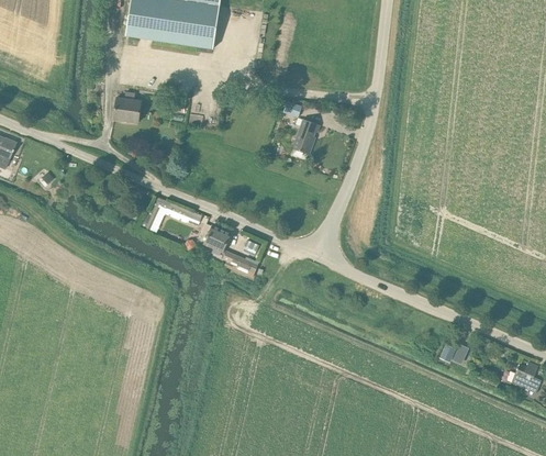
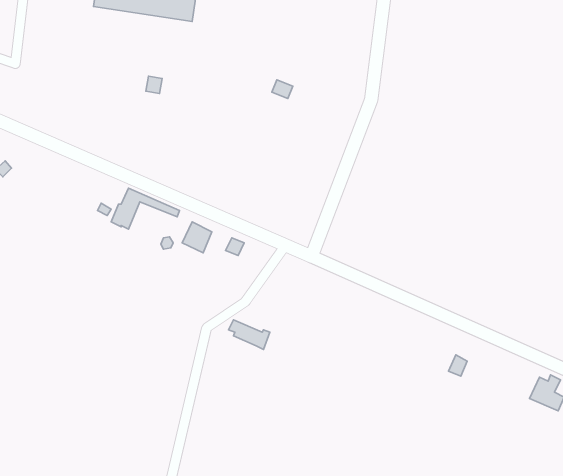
building: [113,91,142,123] -> none
building: [292,119,321,154] -> none
building: [223,251,259,277] -> [229,320,270,350]

